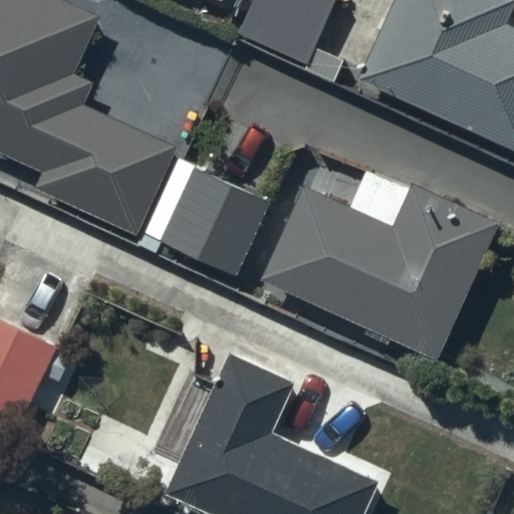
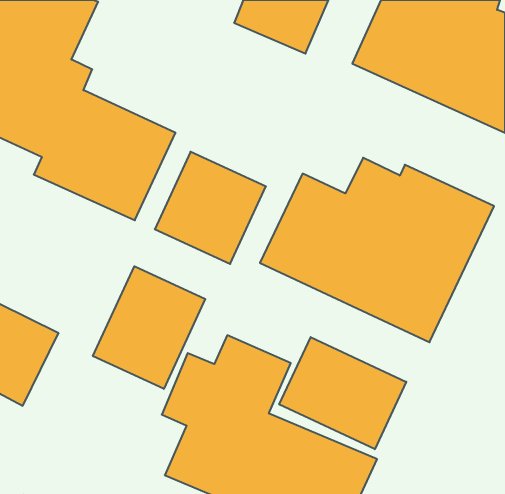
building: none -> [93,266,205,389]
building: none -> [279,337,406,449]

